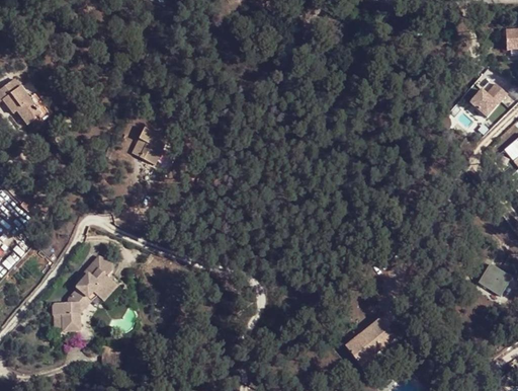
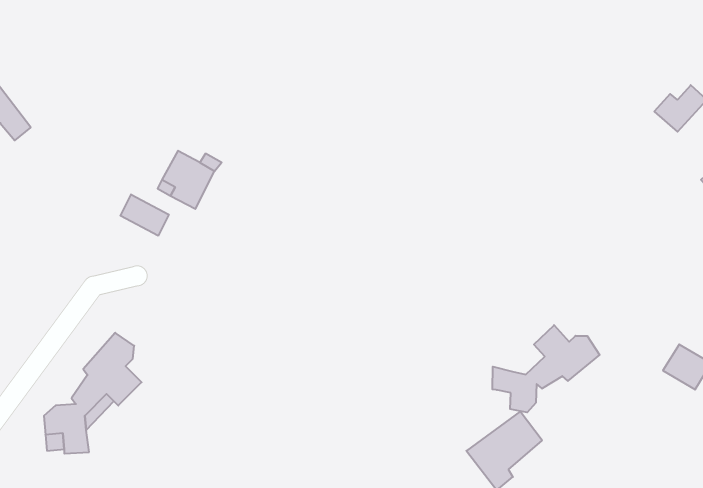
building: none -> [120,194,169,236]
building: none -> [492,325,600,412]

